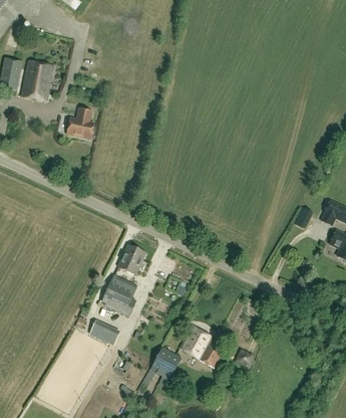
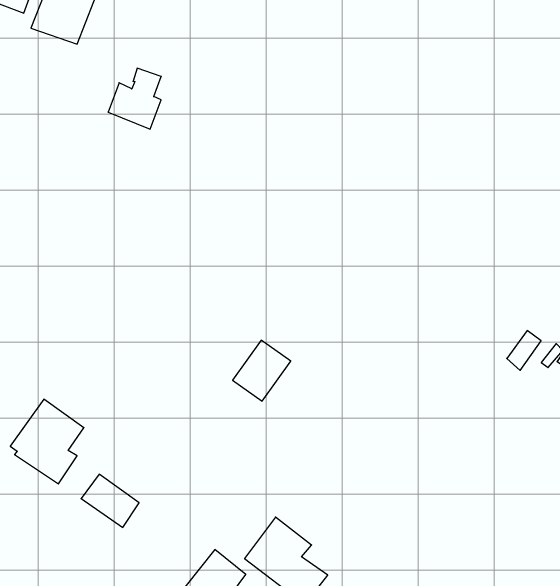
building: [118,244,146,275] -> [233,340,291,401]
building: [101,274,137,317] -> [10,399,84,484]

